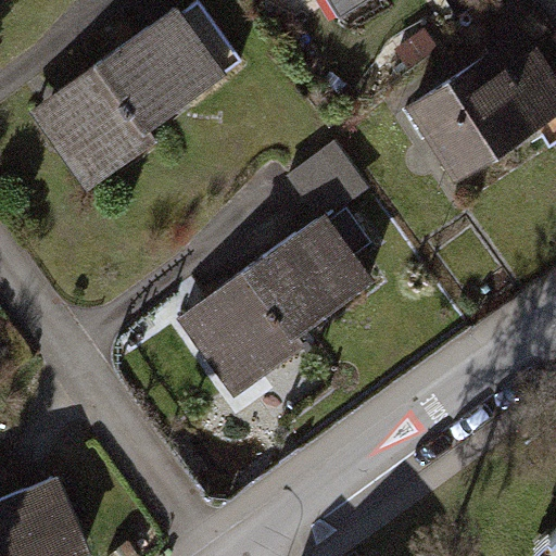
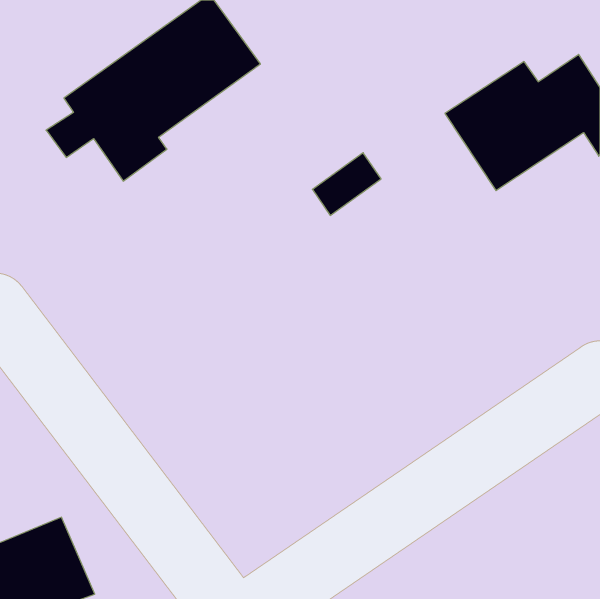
building: [190,212,368,375] -> none

